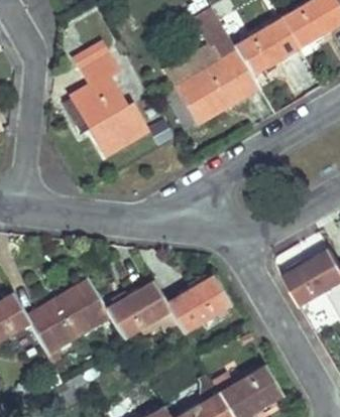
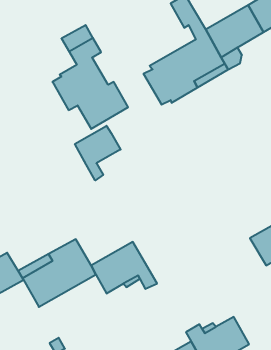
building: none -> [75,126,121,180]
building: [165,275,231,332] -> none

